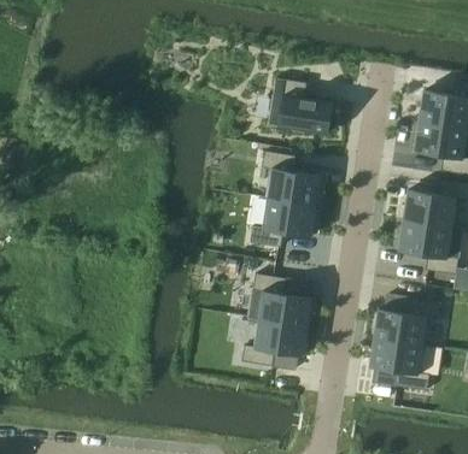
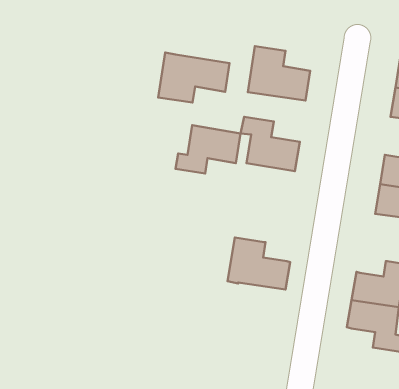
building: none -> [158,53,229,103]
building: [248,199,315,248] -> [176,125,241,174]
building: [240,320,305,367] -> none

